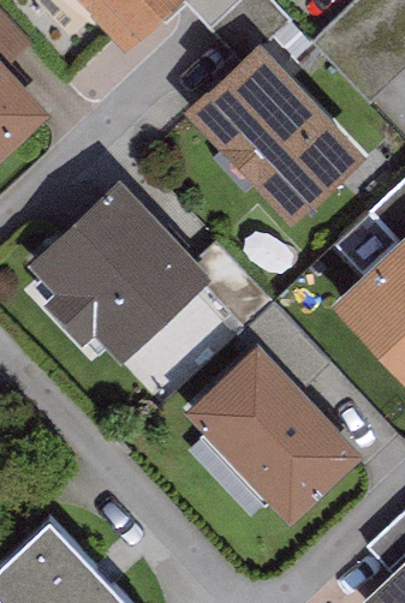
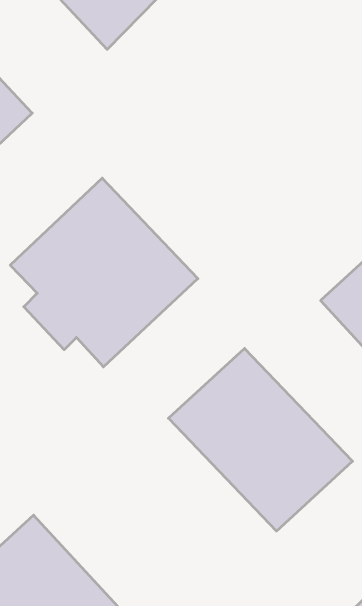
building: [181,40,363,228] -> none

